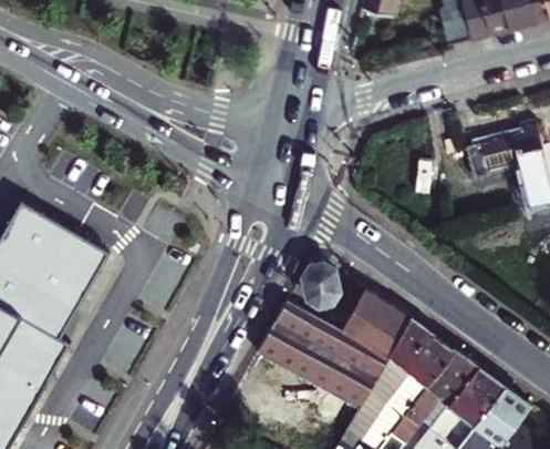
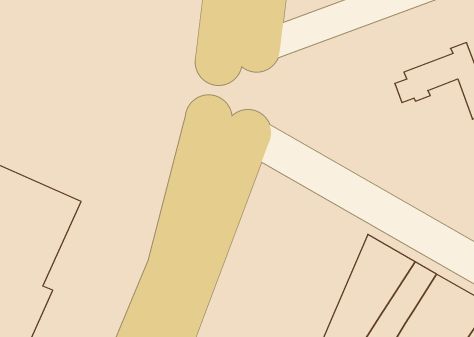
building: [303,264,338,307] -> none
building: [258,290,409,408] -> none

